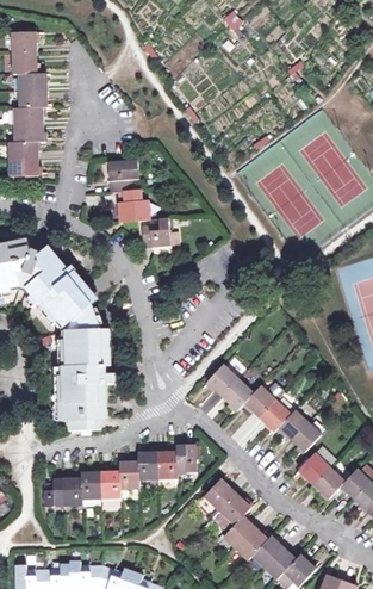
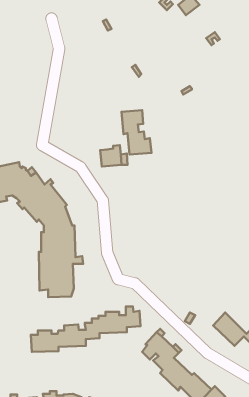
building: [8,31,46,176] -> none
building: [108,160,150,222] -> [122,110,152,155]
building: [206,364,321,451] -> none

